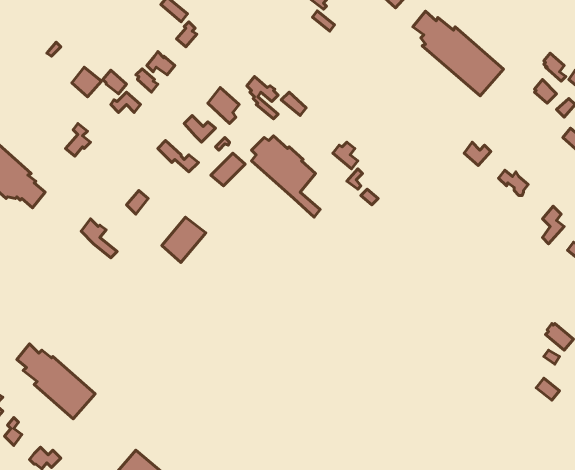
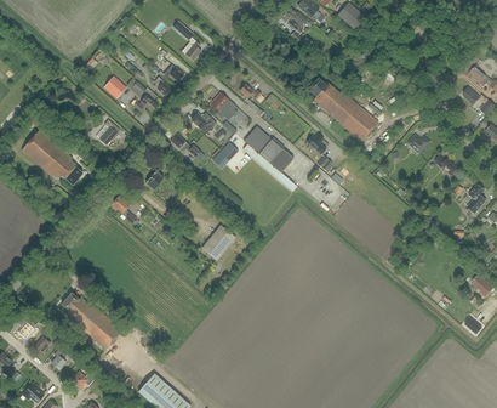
building: [413,11,504,96] -> [307,76,377,142]
building: [162,217,206,263] -> [201,225,235,260]

